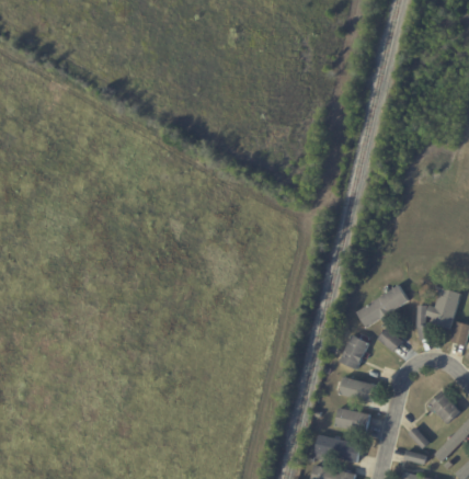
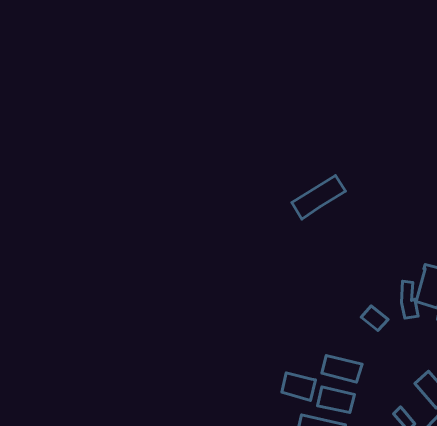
building: [356,284,409,327] -> [292,175,346,219]
building: [339,334,369,369] -> none
building: none -> [282,373,316,400]

